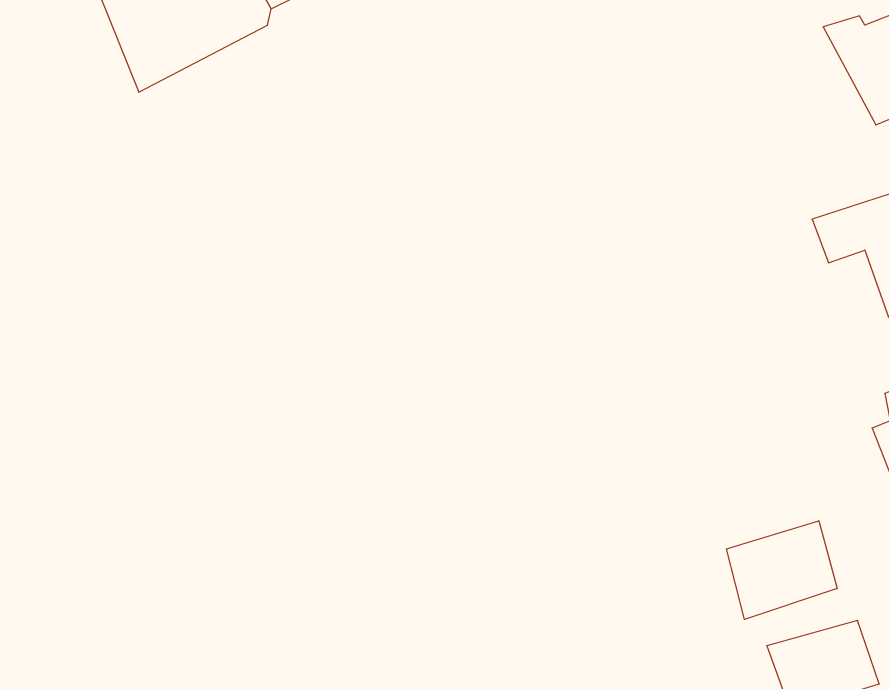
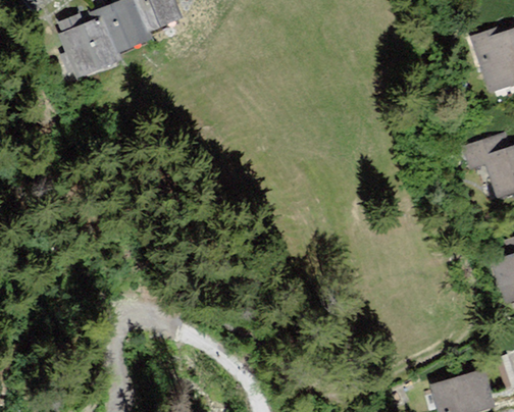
building: [727,521,837,619] -> none

